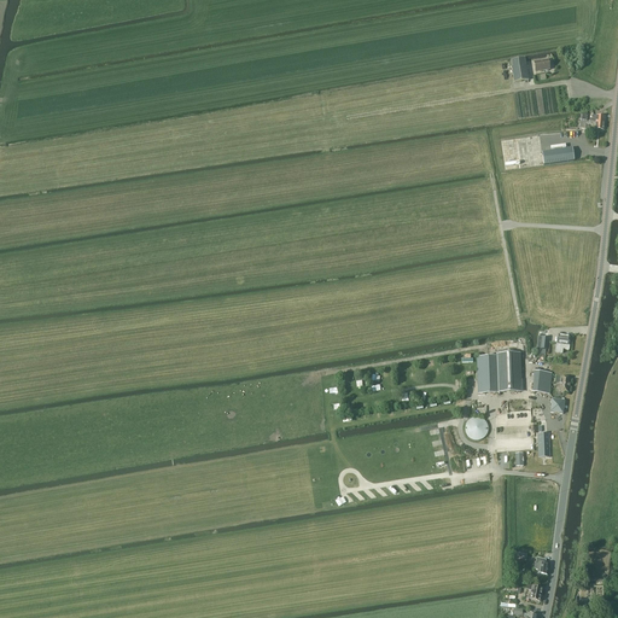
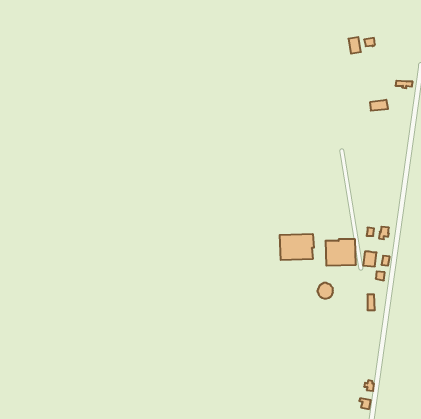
building: none -> [280,234,314,260]

